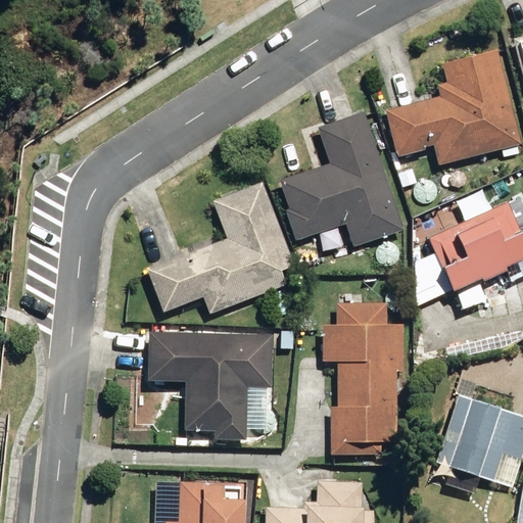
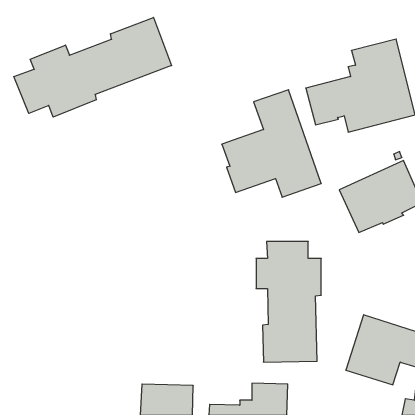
building: none -> [14,17,172,117]
building: [147,181,295,315] -> none
building: [147,332,274,438] -> none

